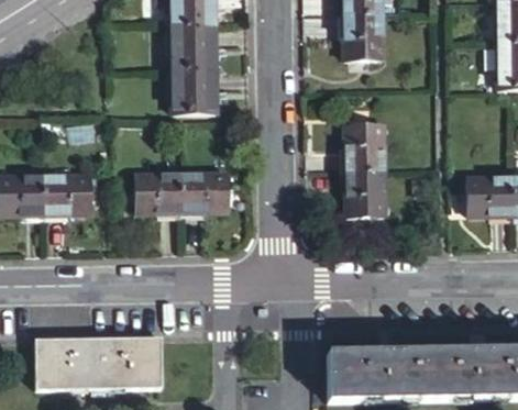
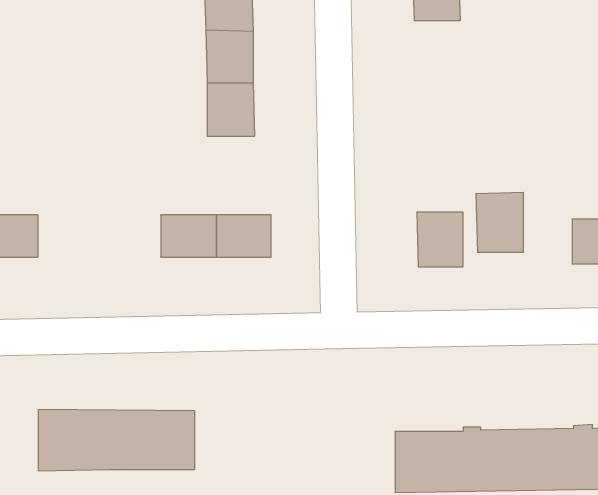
building: [342,24,379,67] -> none
building: [343,131,382,179] -> [476,192,524,252]
building: [38,181,82,217] -> none

